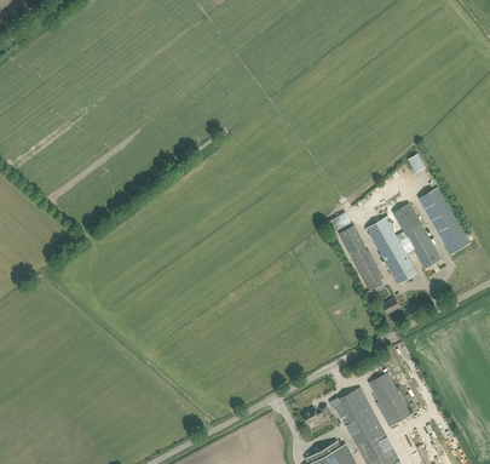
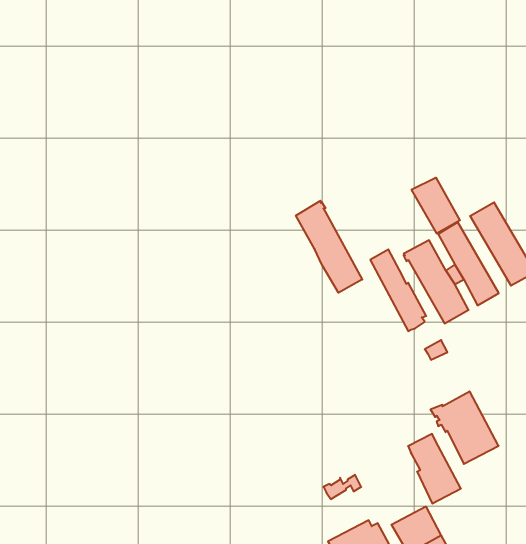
building: none -> [412,178,460,234]
building: none -> [296,201,362,293]
building: [328,386,382,445] -> [430,391,499,464]

